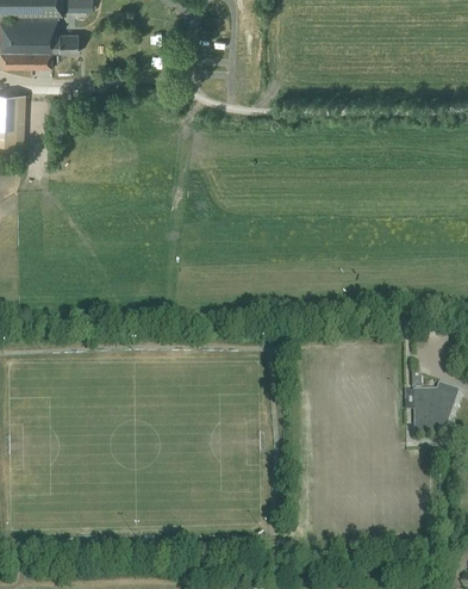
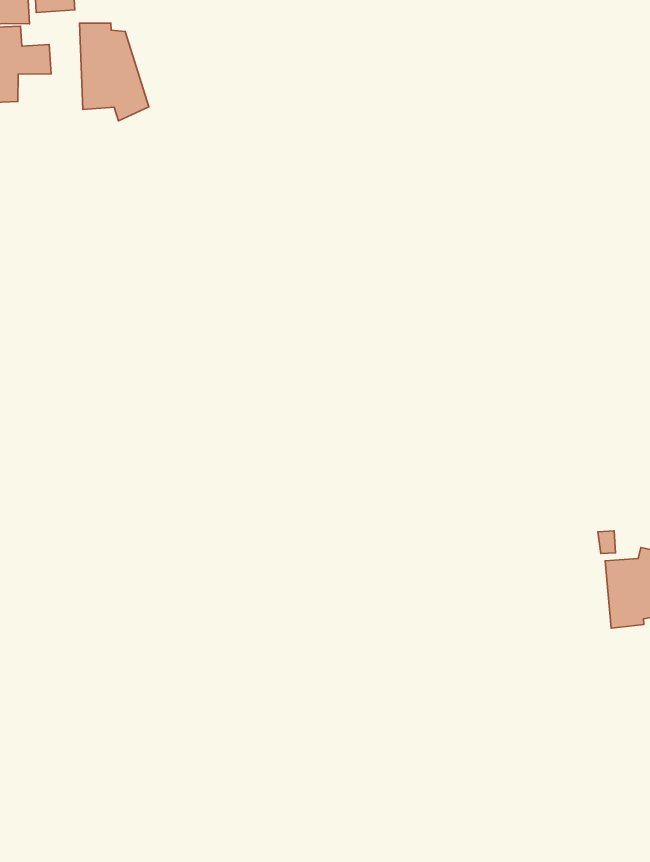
building: none -> [79,23,149,121]

